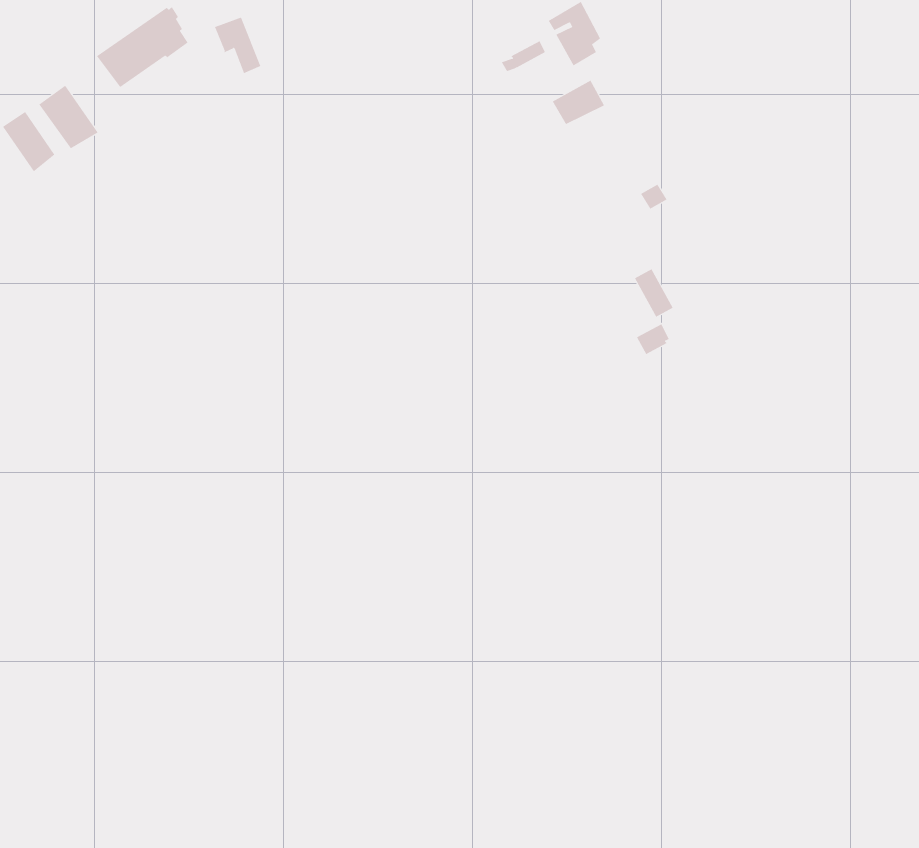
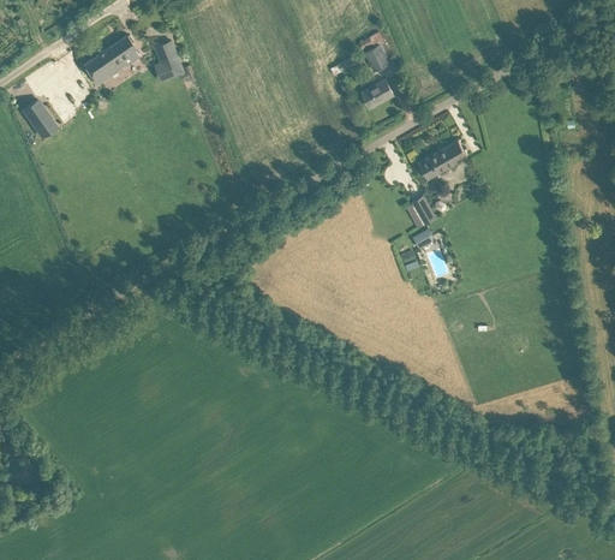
building: [39,85,98,149] -> none
building: none -> [417,142,466,180]

